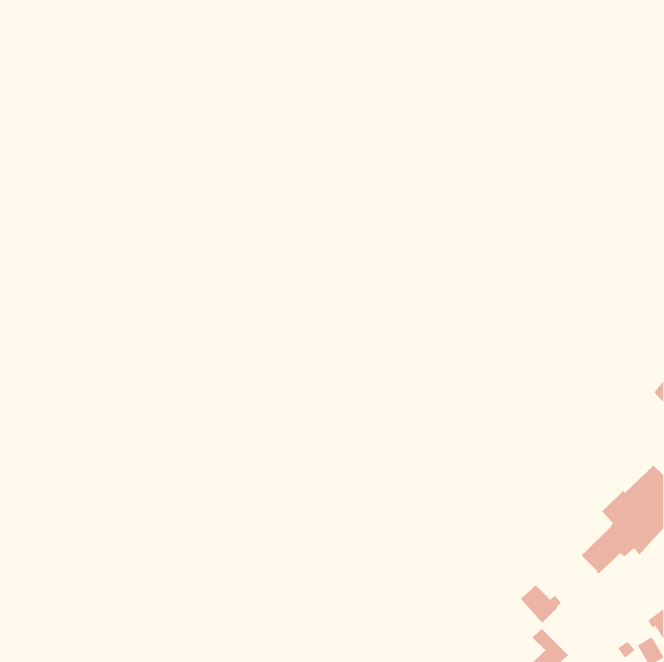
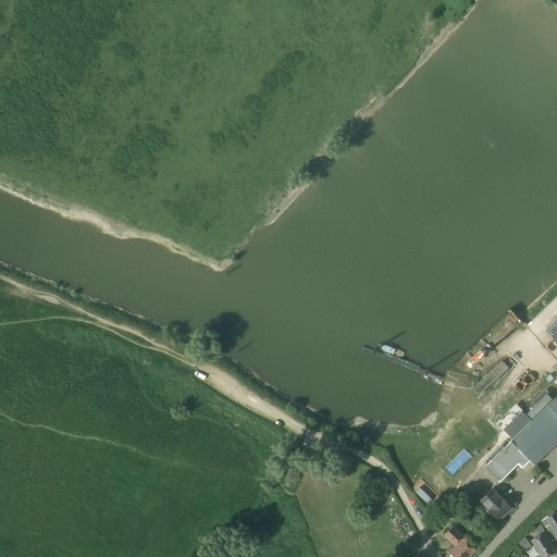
building: [520,585,562,623] -> [481,488,516,521]

